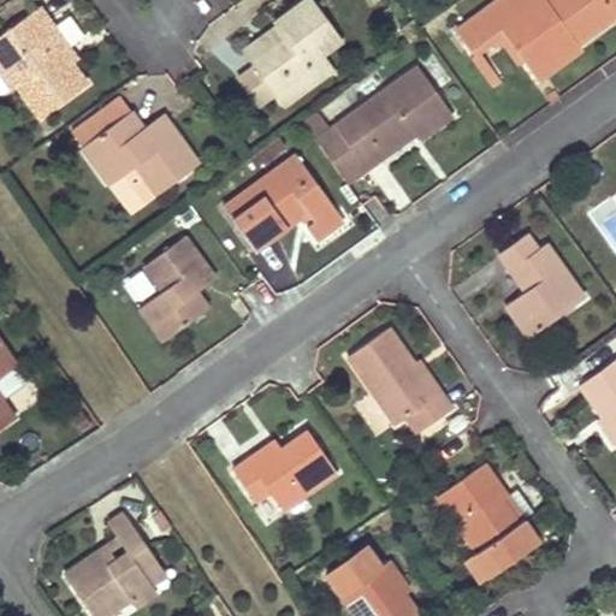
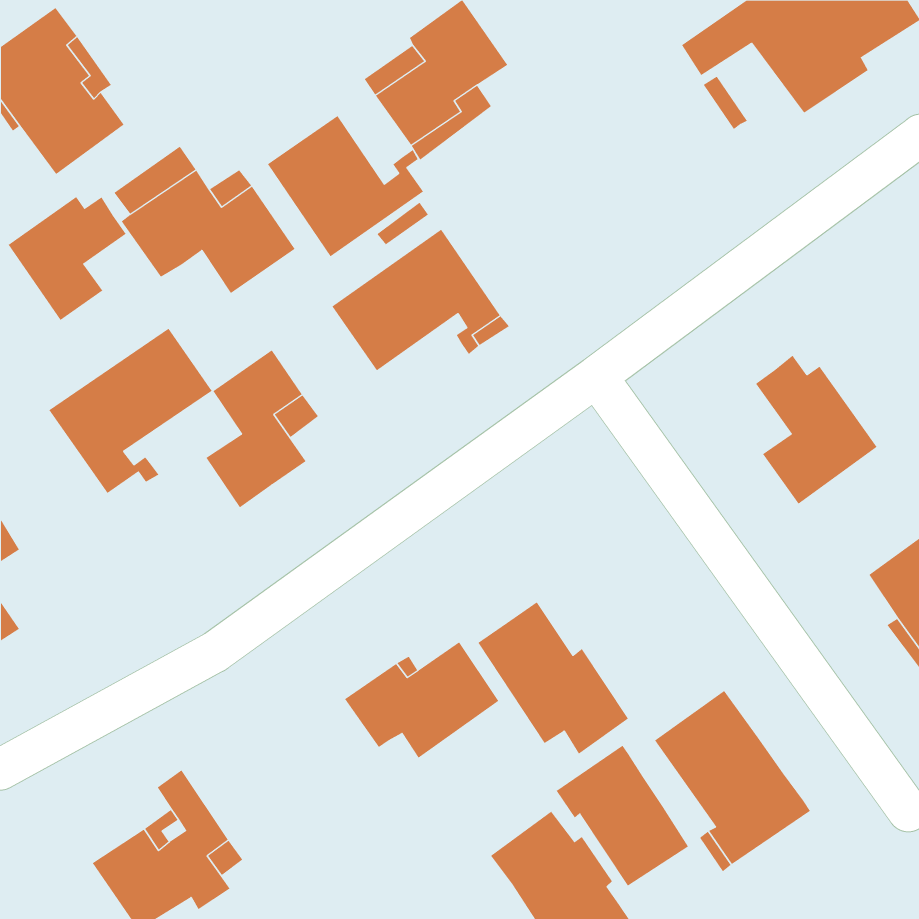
building: [302,64,454,184] -> none
building: none -> [267,115,424,257]
building: none -> [8,196,126,321]
building: none -> [49,328,213,494]
building: [350,331,451,433] -> [478,601,629,755]
building: none -> [556,745,689,887]

